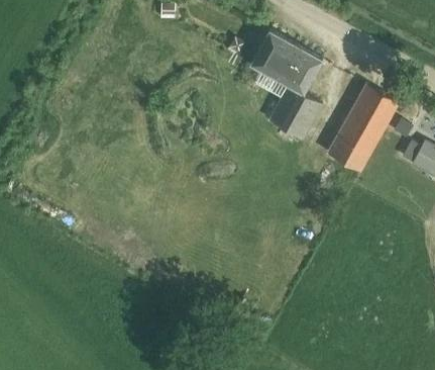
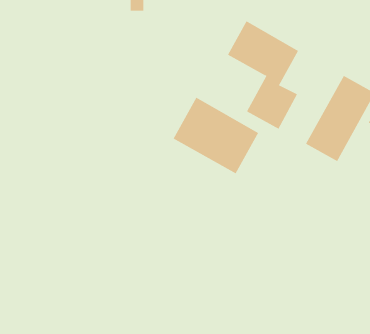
building: none -> [173,97,259,174]

